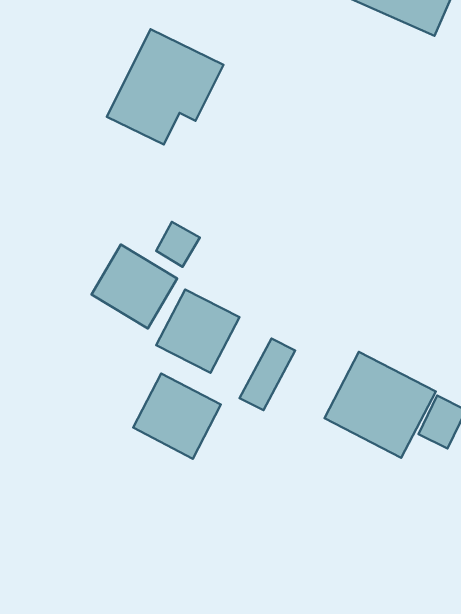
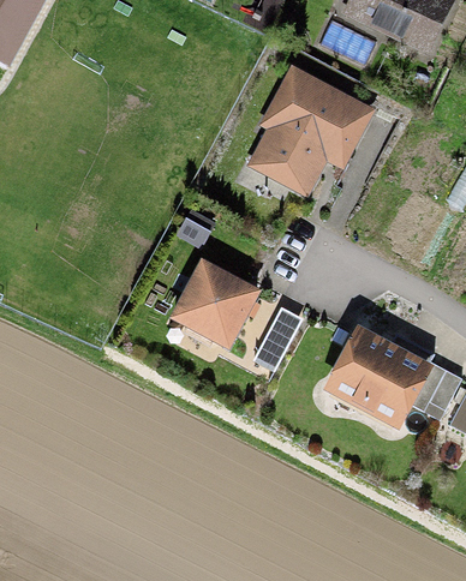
building: [107,29,223,145] -> [256,80,362,185]
building: [91,245,177,328] -> none
building: [133,373,221,459] -> none

